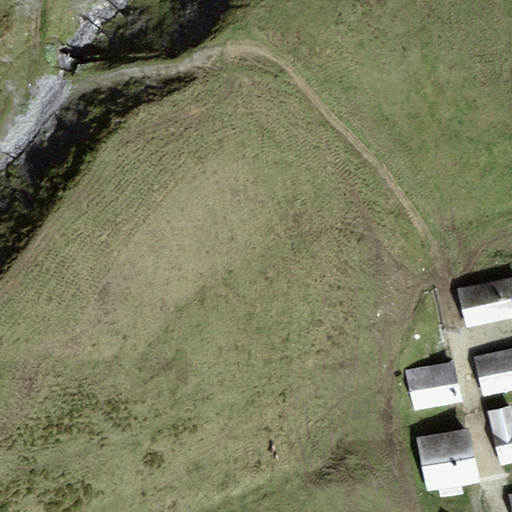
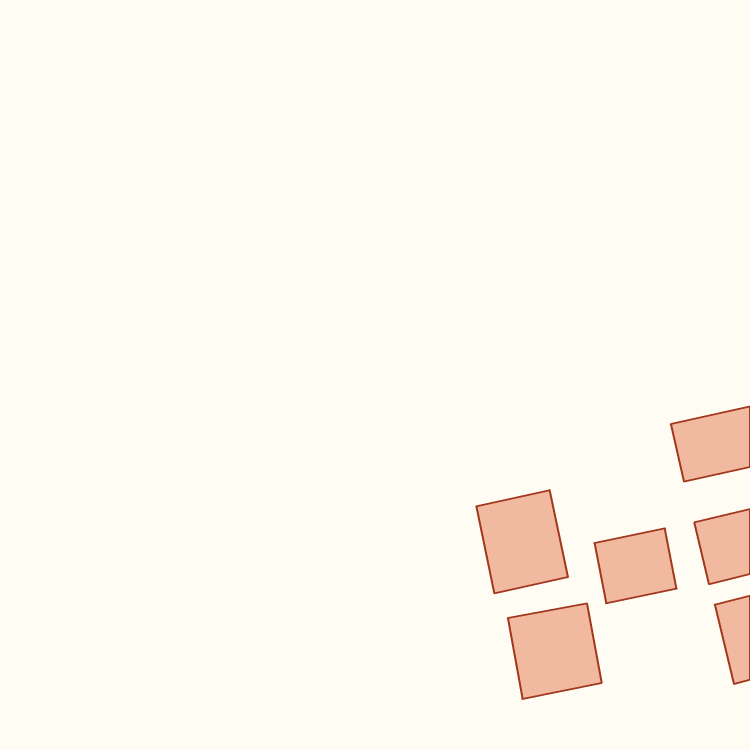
building: none -> [476,490,568,593]
building: [416,428,480,493] -> [508,604,602,699]

